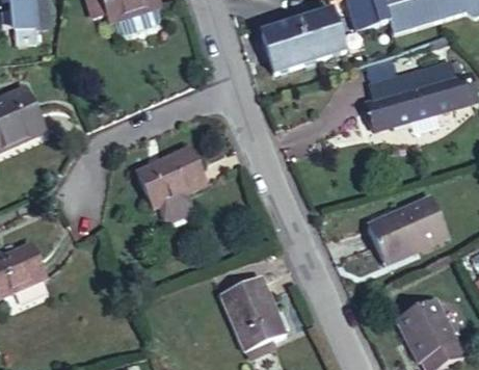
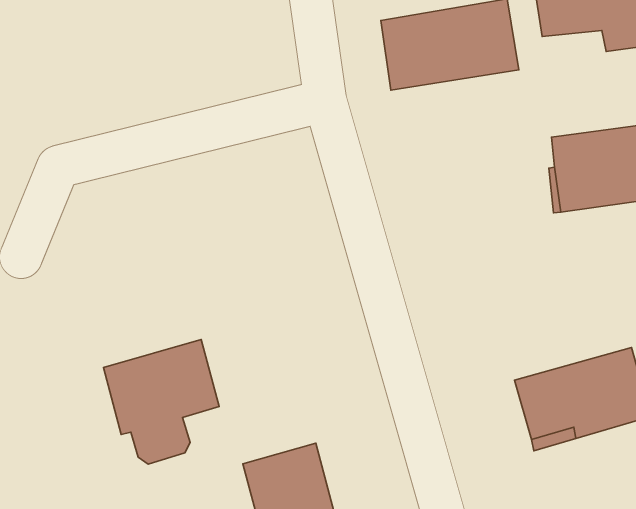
building: [137,147,206,221] -> [103,339,219,464]

